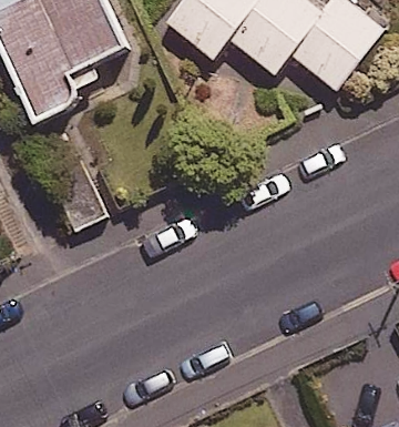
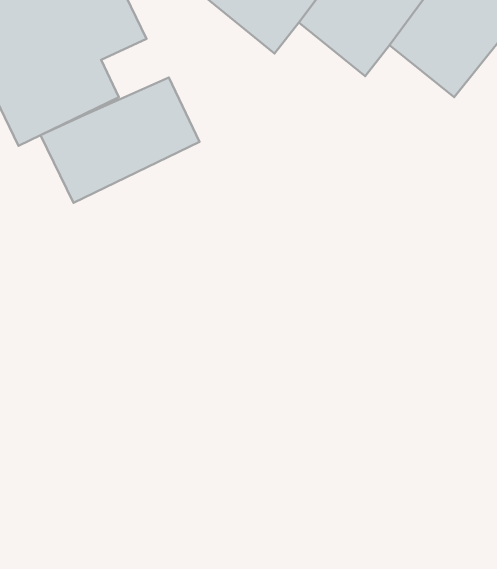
building: none -> [41,77,200,203]

